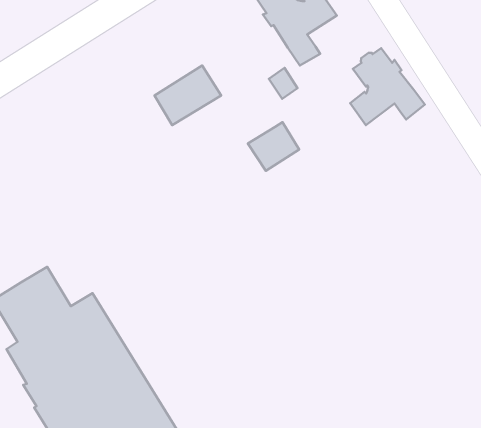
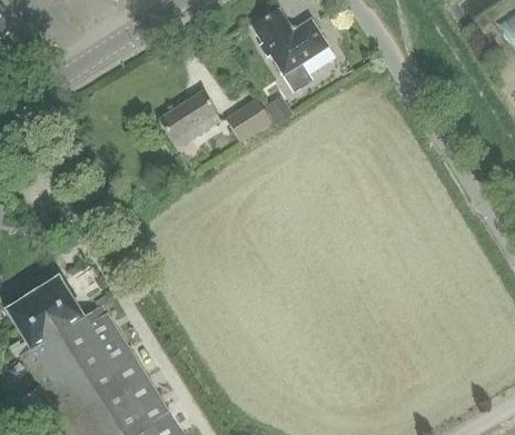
building: [350,48,425,125] -> none
building: [248,122,299,171] -> [227,99,275,145]

